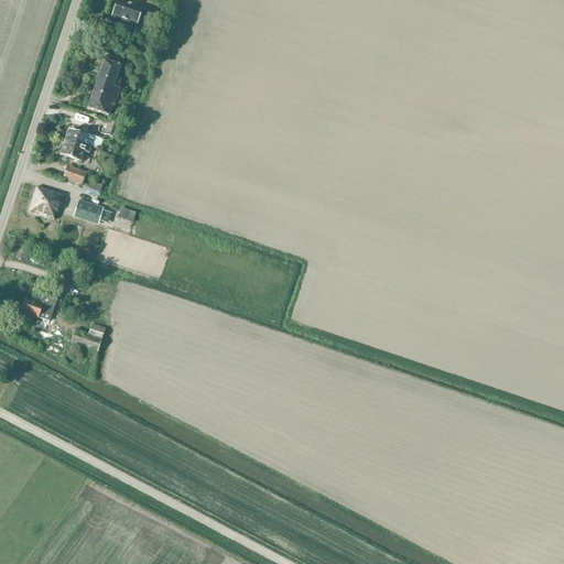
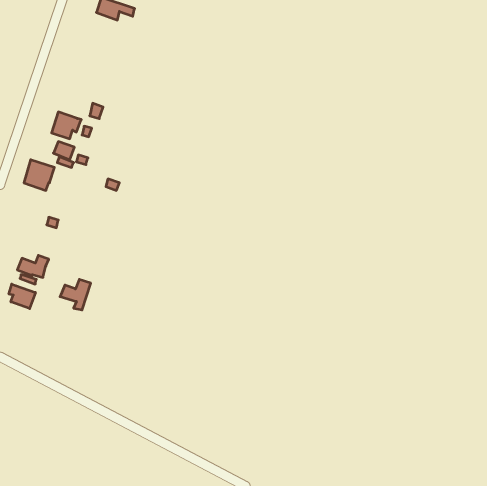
building: [87,58,121,113] -> none
building: [74,197,105,223] -> none
building: none -> [9,284,35,309]

